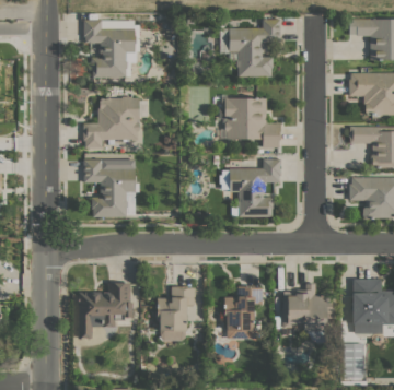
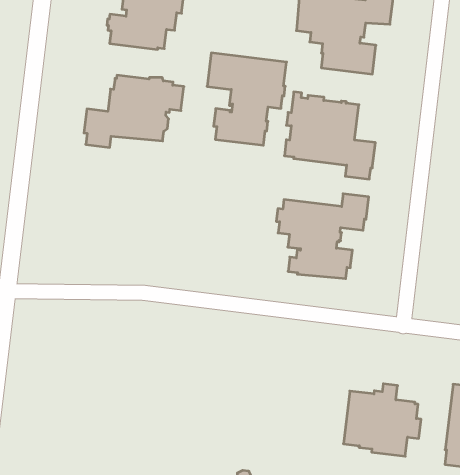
building: [83,159,136,217] -> [207,53,287,145]
building: [78,283,132,338] -> none
building: [155,286,195,341] -> none
building: [222,286,262,339] -> none

